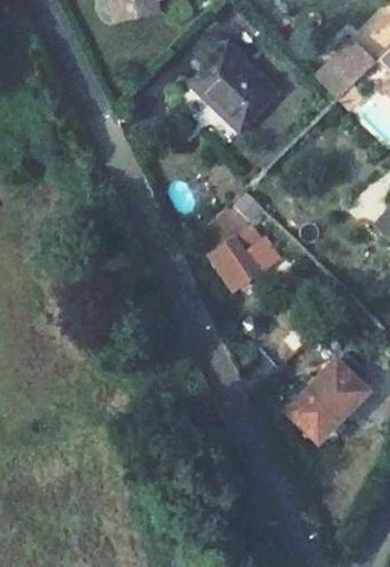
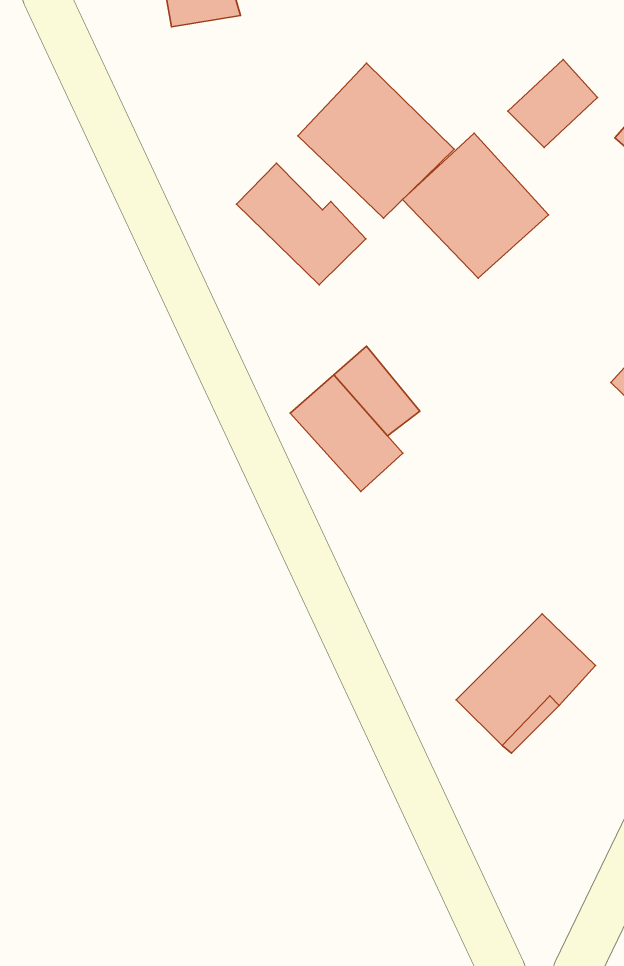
building: none -> [403,133,548,278]
building: none -> [237,163,366,285]

